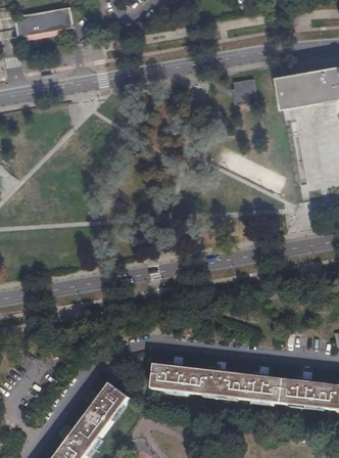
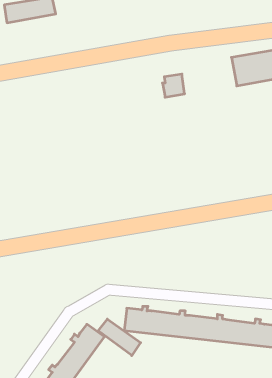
building: [230,79,255,105] -> [162,74,185,97]
building: none -> [98,319,141,356]

